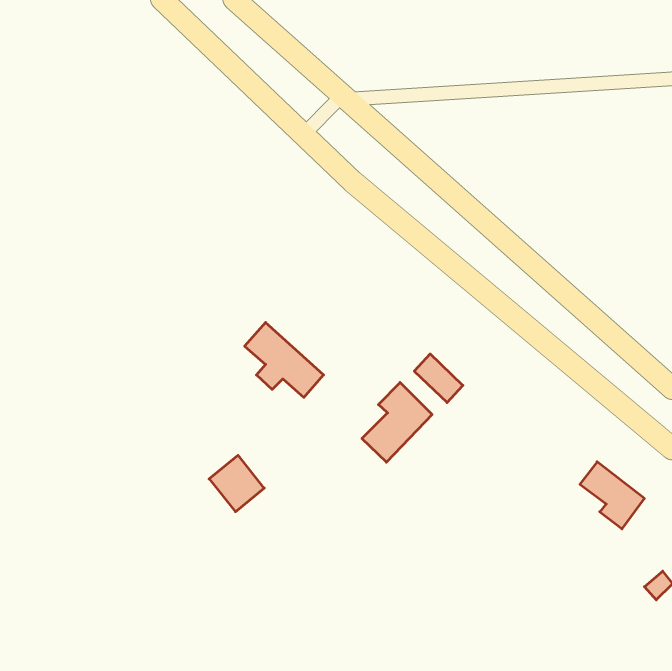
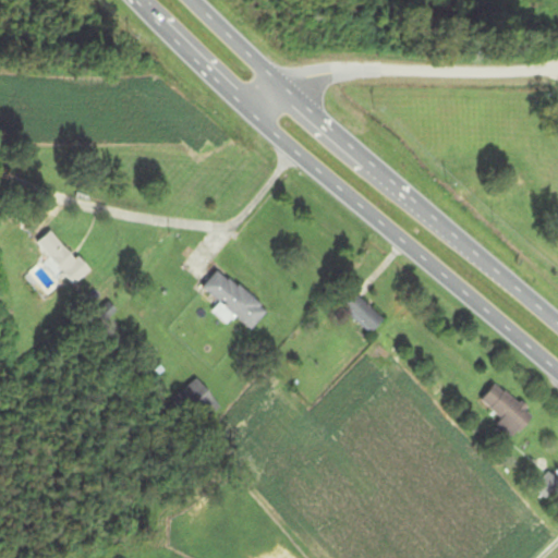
building: none -> [36,229,90,283]
building: [362,382,432,462] -> none

